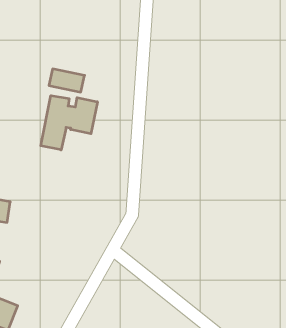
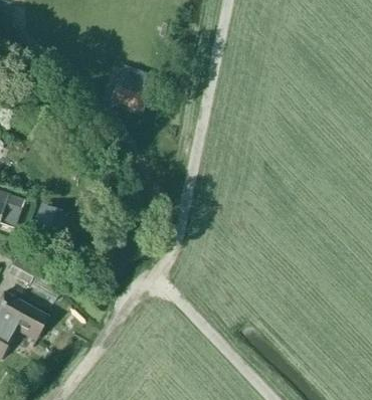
building: [41,96,97,150] -> none

